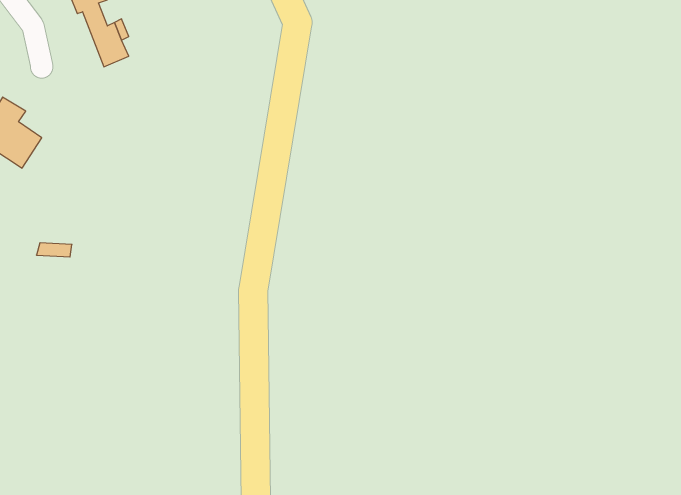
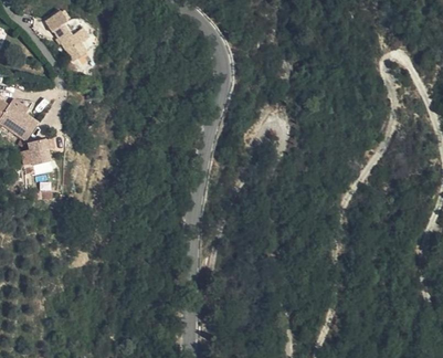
building: none -> [27,137,54,165]

